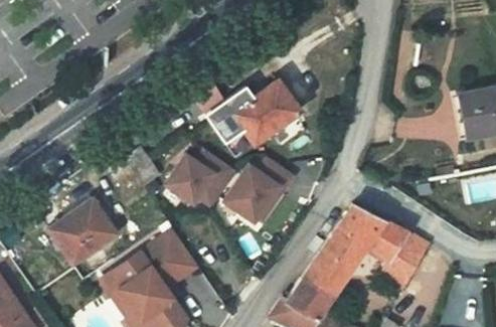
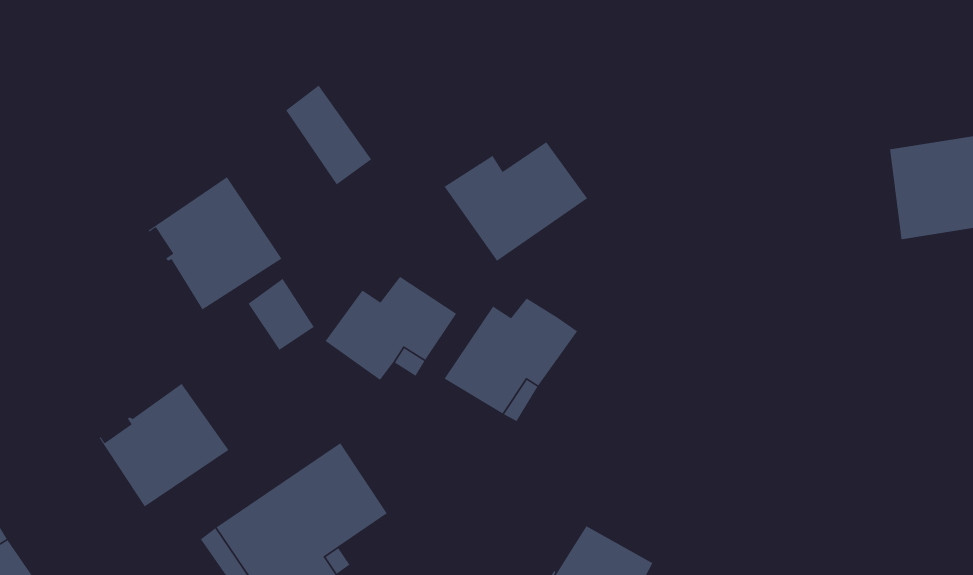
building: none -> [148,176,282,310]
building: [209,103,254,154] -> [285,84,372,185]
building: [299,196,421,294] -> none

